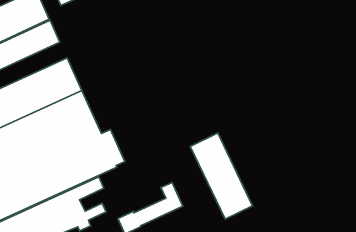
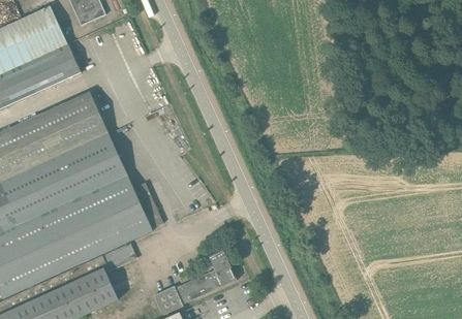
building: [190,133,253,219] -> none

